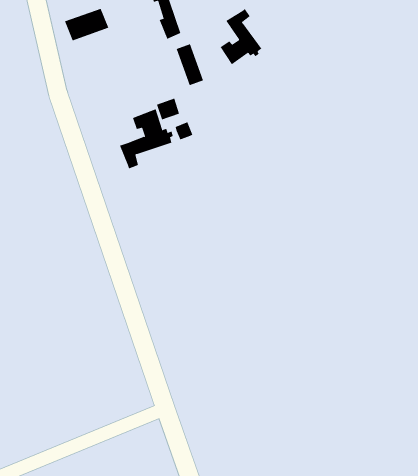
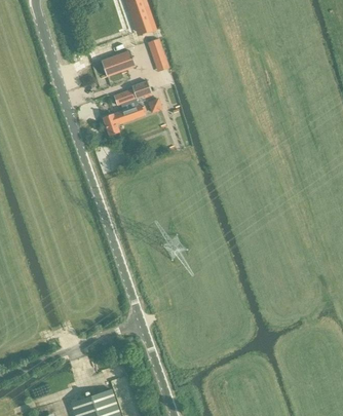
building: [64,8,109,41] -> [101,50,136,76]
building: [220,8,262,65] -> none

